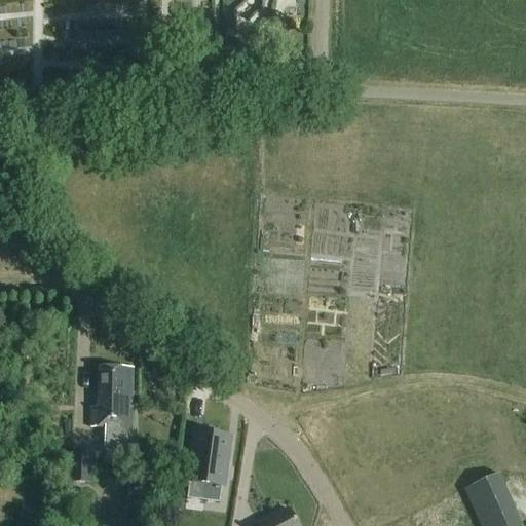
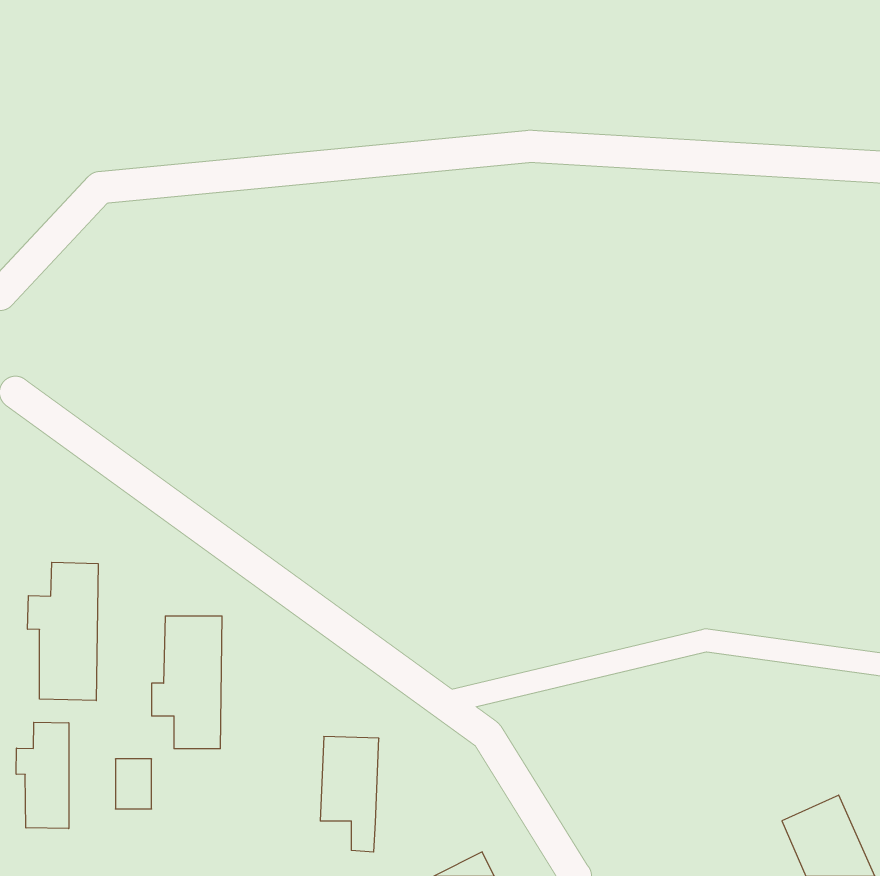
building: none -> [28,562,98,701]
building: none -> [16,722,69,829]

